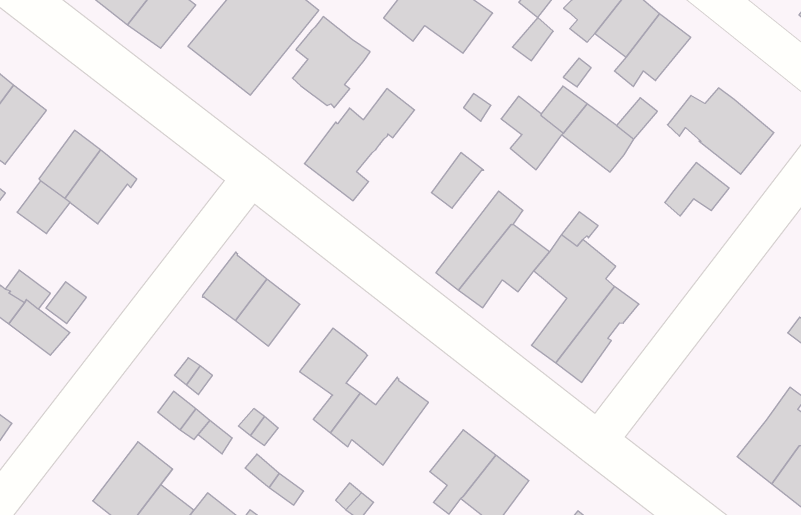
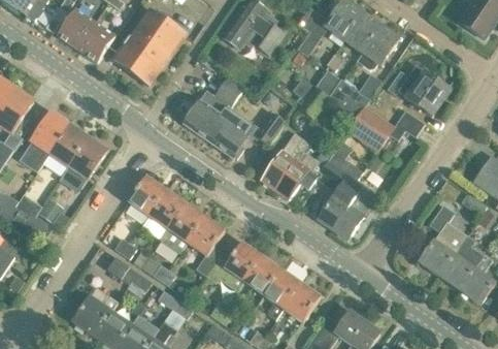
building: [292,17,370,108] -> [211,105,255,157]
building: none -> [348,106,393,149]
building: none -> [60,136,107,192]
building: none -> [161,202,204,250]
building: none -> [419,204,466,275]
building: none -> [244,254,281,293]

